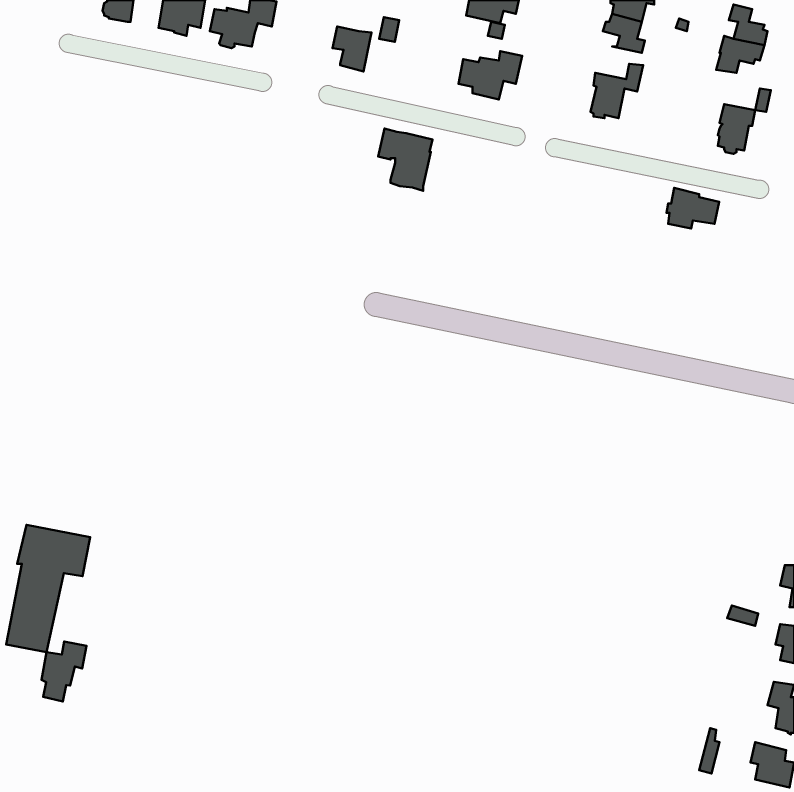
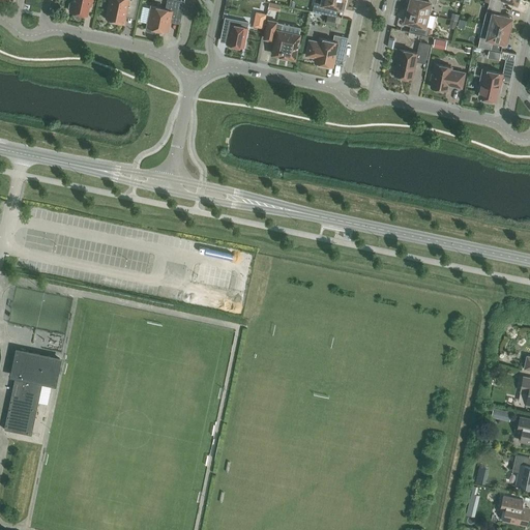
building: [378,129,433,191] -> [264,21,300,62]
building: [666,188,719,228] -> [430,64,465,91]
building: [42,642,87,701] -> none

